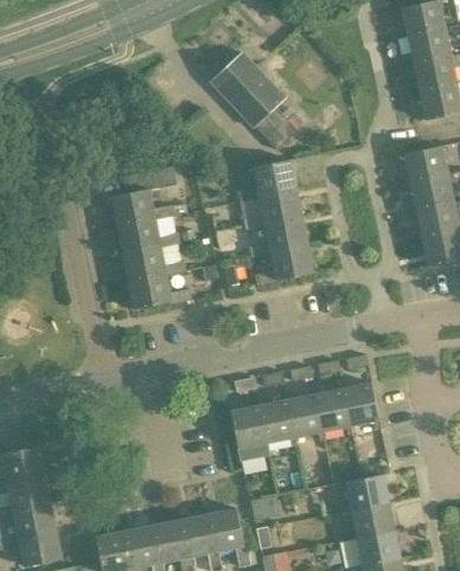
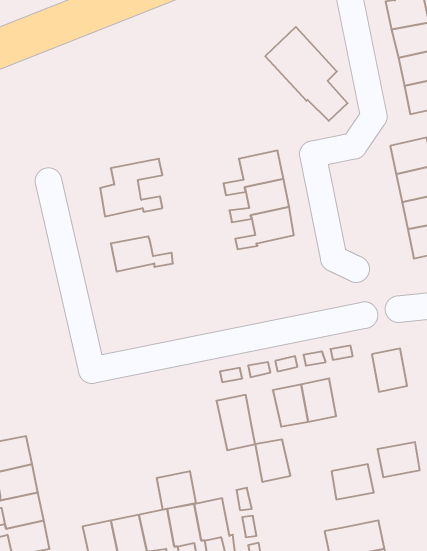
building: [213,54,296,149] -> [265,27,348,121]
building: [117,217,180,252] -> none
building: [255,244,314,287] -> none
building: [129,272,192,309] -> none
building: [344,383,379,426] -> [372,348,407,392]
building: [260,400,295,443] -> [255,440,290,482]
building: none -> [157,471,196,510]
building: [351,503,394,539] -> [377,442,420,477]

